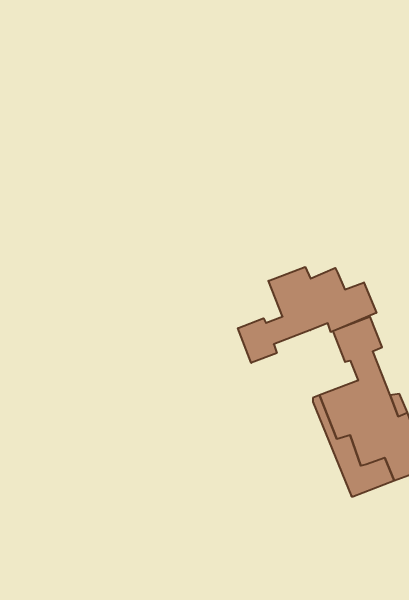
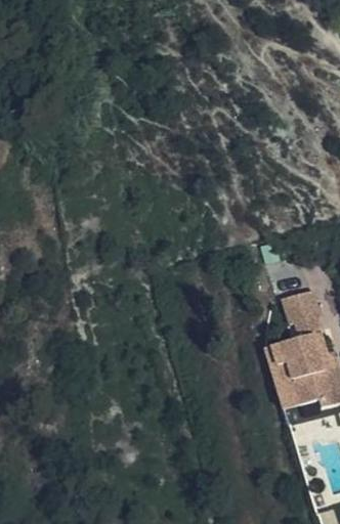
building: [238,267,376,363] -> none

